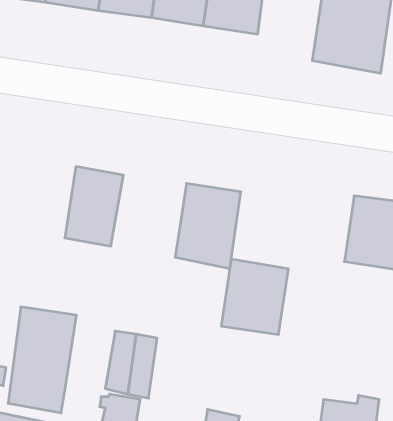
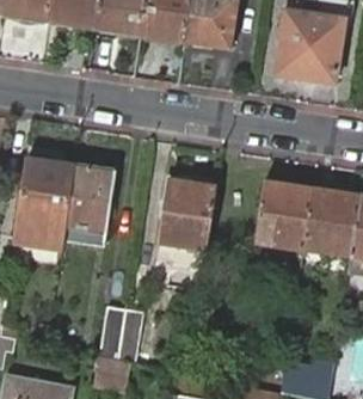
building: [221,259,288,334] -> [254,182,312,246]
building: [8,307,77,413] -> [16,158,74,248]

